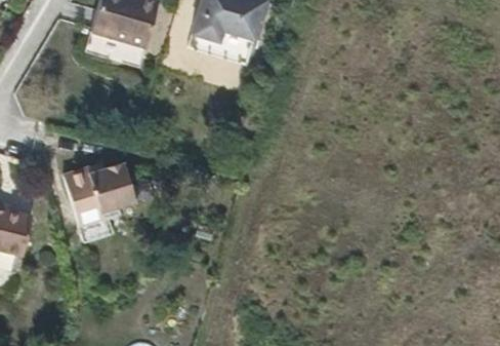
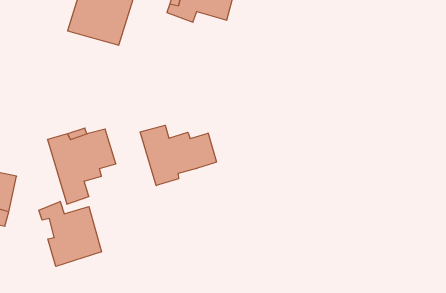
building: none -> [140,125,216,186]
building: none -> [39,201,101,266]

